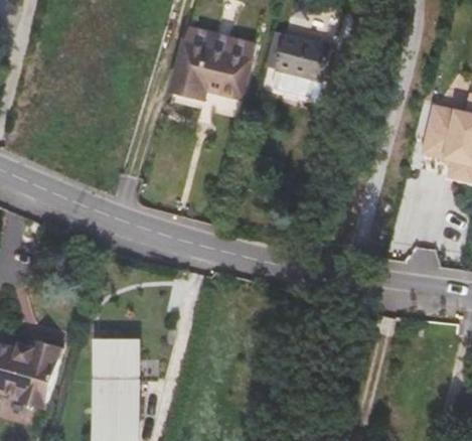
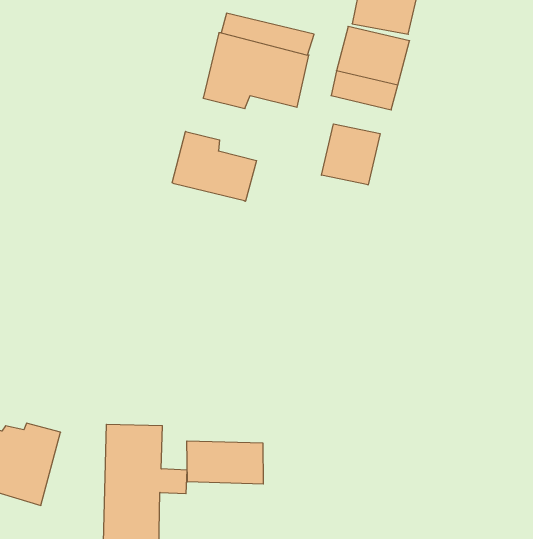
building: none -> [321,124,380,185]
building: none -> [172,131,257,201]
building: none -> [187,441,263,484]

